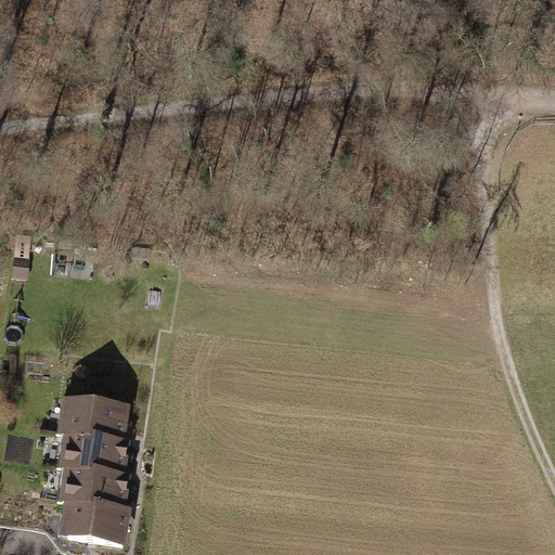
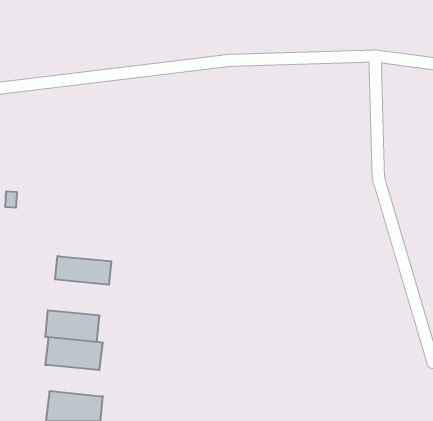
building: none -> [55,256,111,285]
building: [59,465,130,505] -> none

